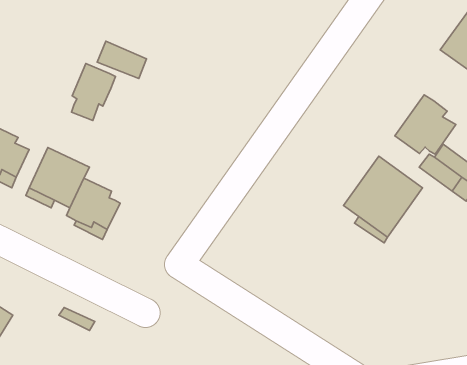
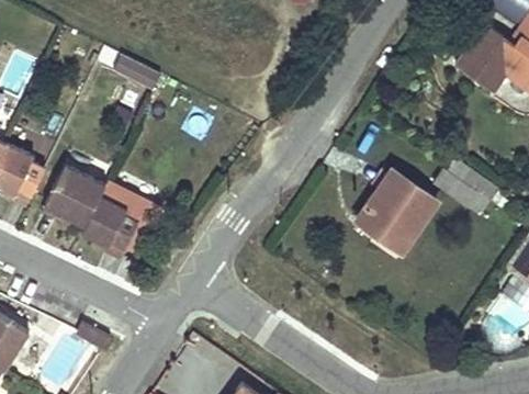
building: [71,63,116,121] -> none
building: [395,95,456,154] -> none

